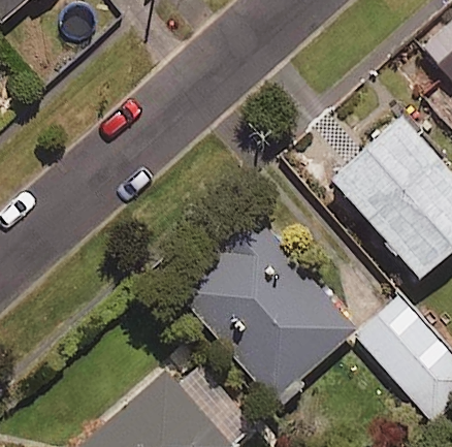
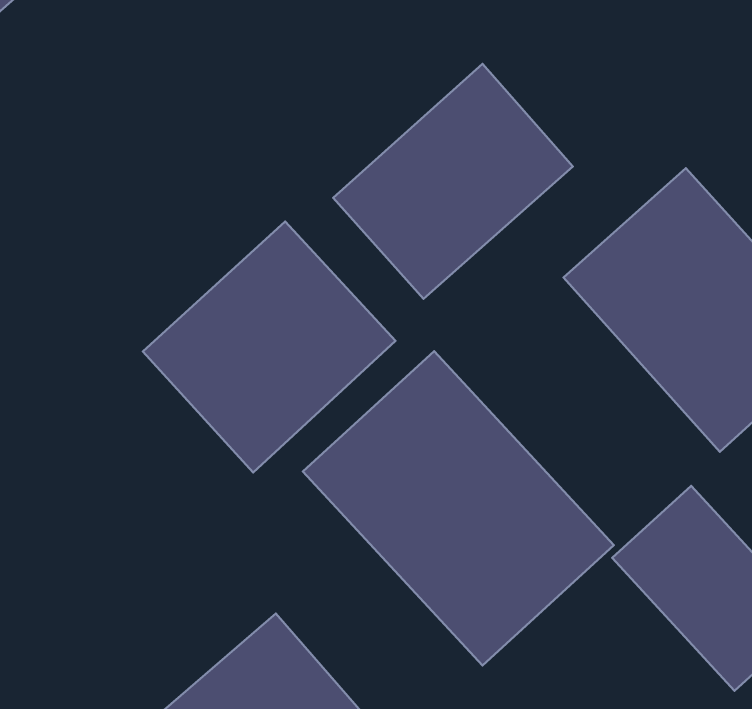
building: none -> [333,64,573,299]
building: none -> [143,222,396,472]

